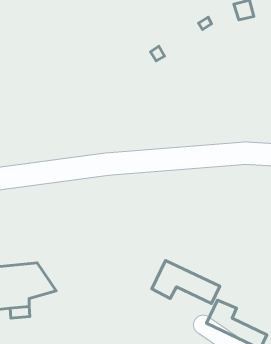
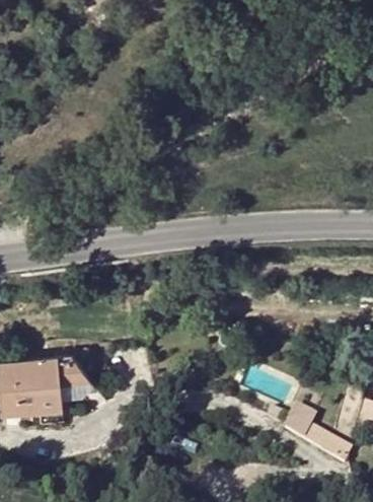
building: [152,260,220,304] -> none

